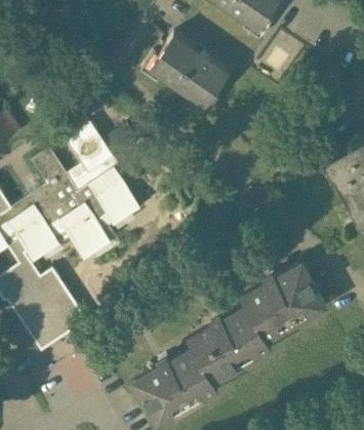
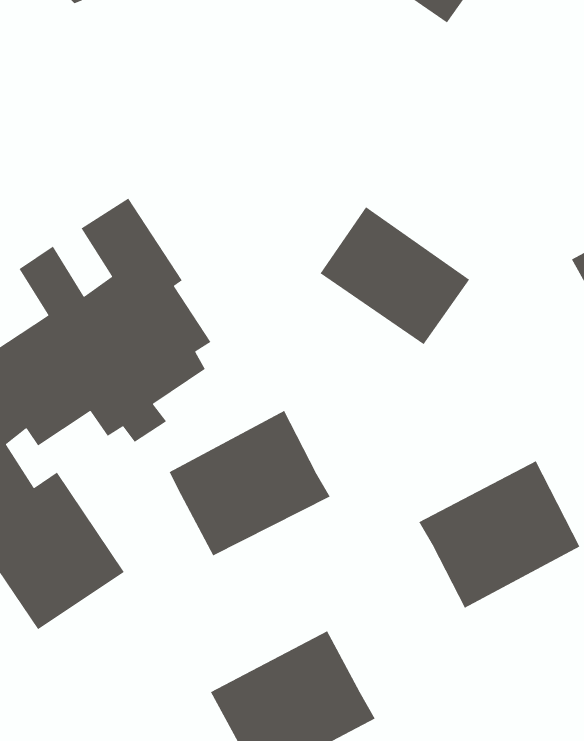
building: [148,33,228,107] -> [320,206,470,345]
building: [188,307,274,385] -> [169,410,331,557]

